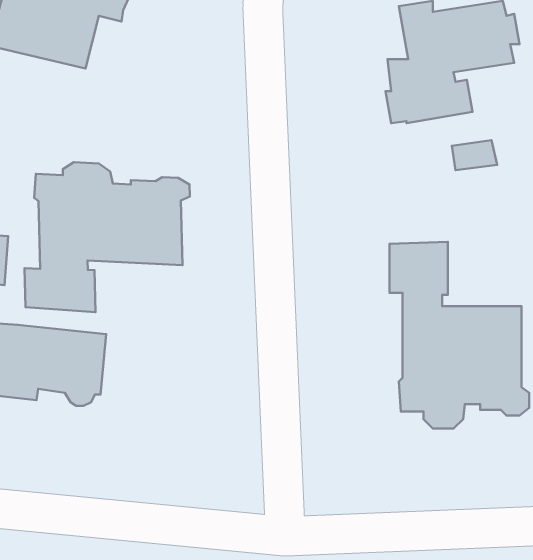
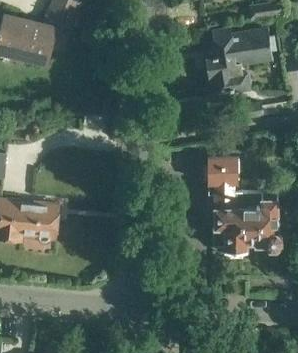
building: [24,162,190,312] -> none

